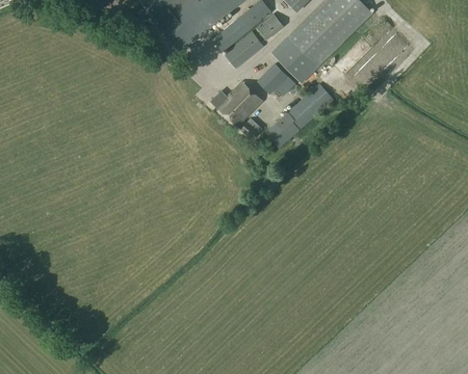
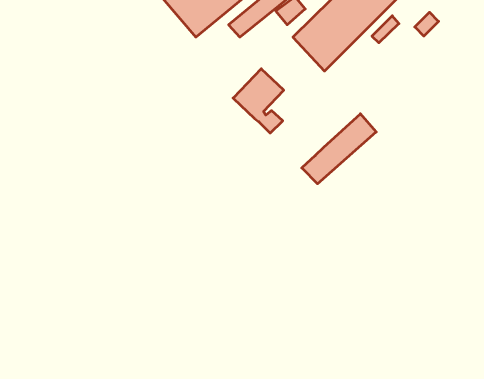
building: [226,32,263,68] -> none
building: [258,62,296,97] -> none
building: [266,83,335,148] -> [302,114,376,184]

